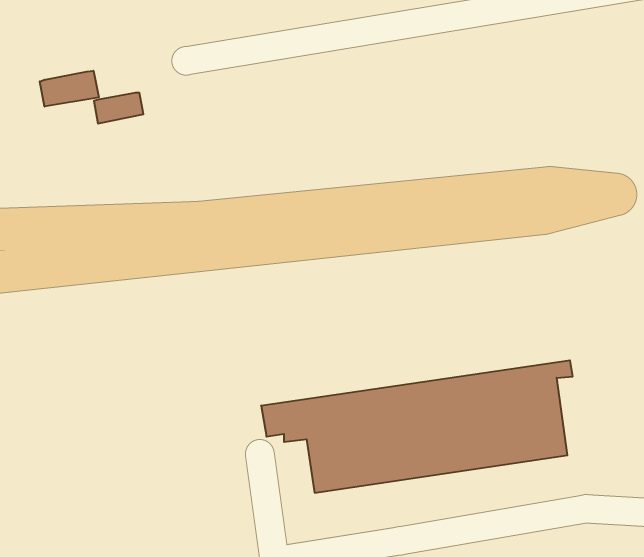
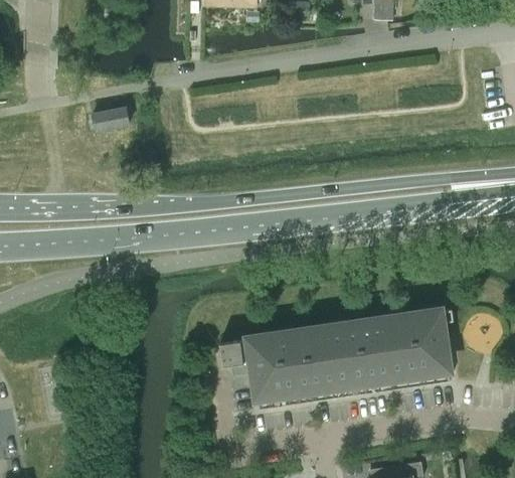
building: [40,71,99,107] -> none

